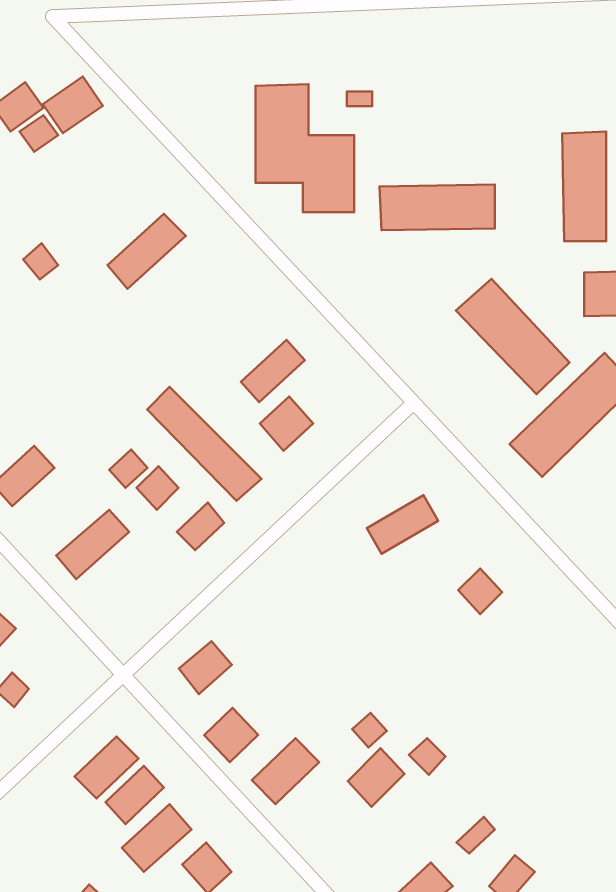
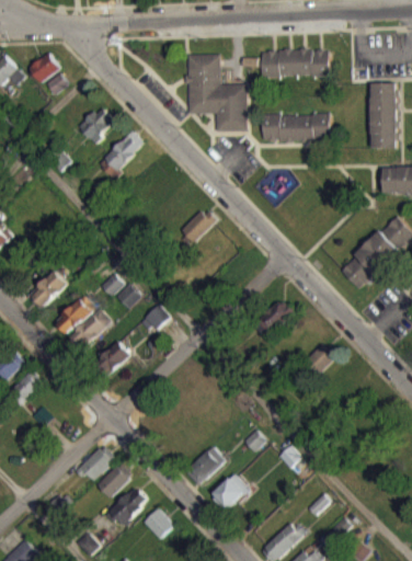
building: [43,77,103,133] -> [78,107,114,141]
building: none -> [260,49,328,77]
building: [456,279,569,394] -> none
building: [147,387,262,501] -> none
building: [260,396,313,451] -> none
building: none -> [55,295,94,335]
building: [179,641,232,694] -> [98,341,129,373]
building: [204,708,258,762] -> none
building: [348,748,404,807] -> [214,473,248,508]

